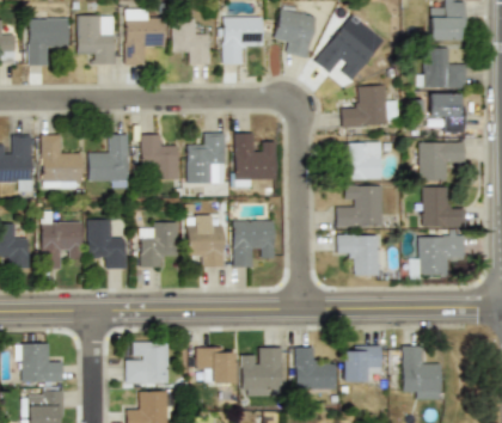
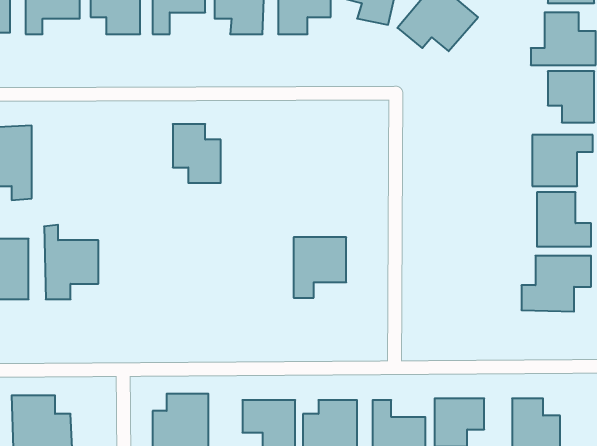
building: [341,85,397,128] -> none
building: [188,133,225,184] -> none
building: [231,133,276,184] -> none
building: [41,135,82,189] -> none
building: [88,135,129,189] -> none
building: [348,142,381,179] -> none
building: [336,185,382,227] -> none
building: [188,214,225,268] -> none
building: [87,219,126,269] -> none
building: [141,222,179,268] -> none
building: [336,235,379,276] -> none

